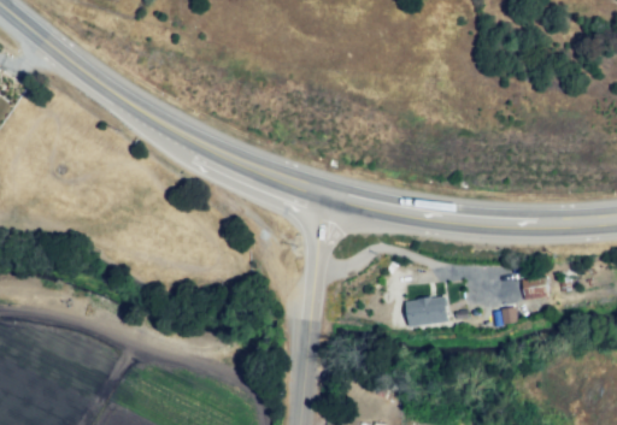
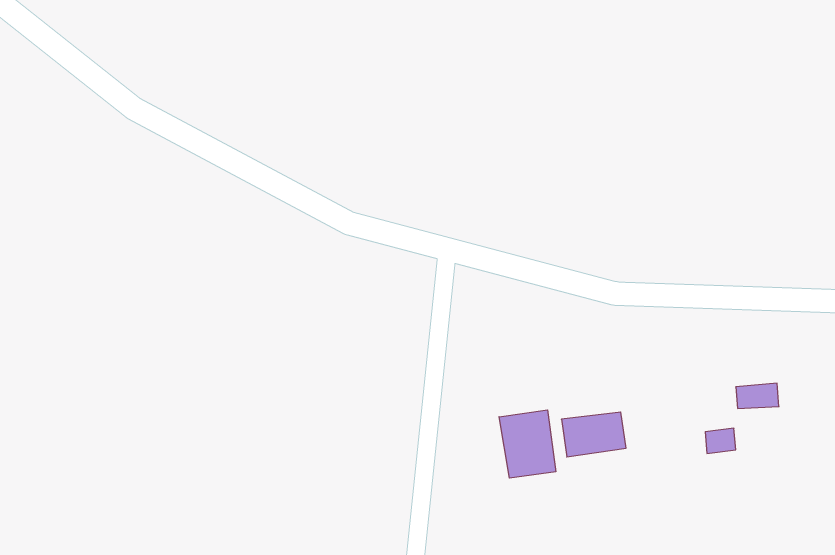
building: none -> [499,410,556,478]

